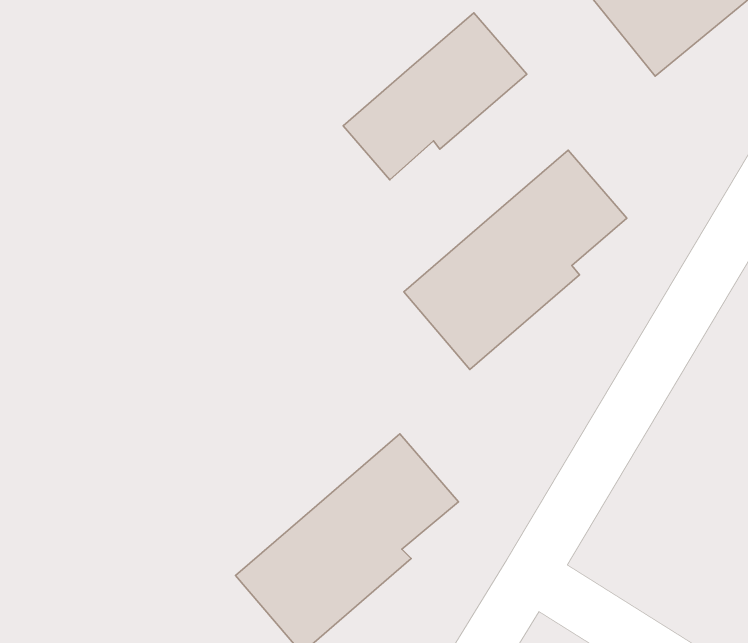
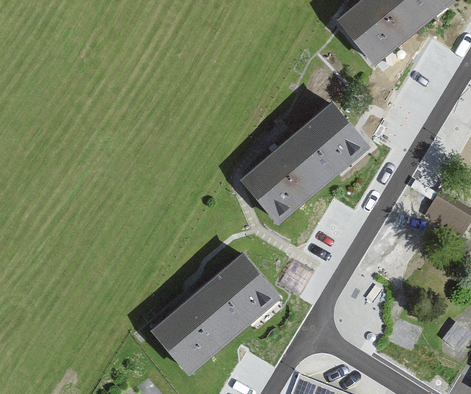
building: [343,13,527,180] -> none

